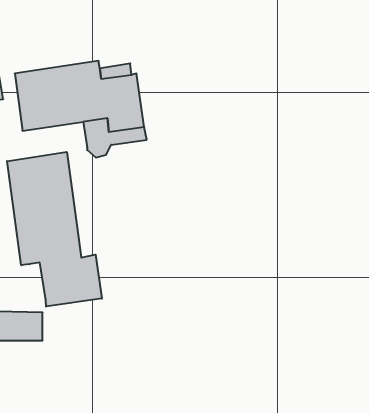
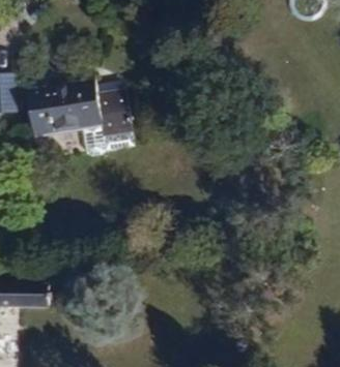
building: [7,152,102,307] -> none

